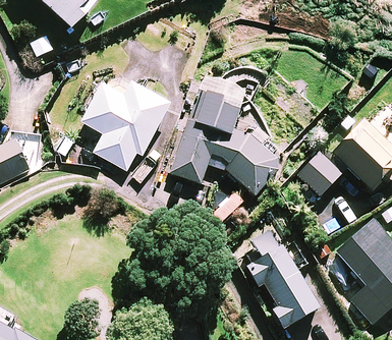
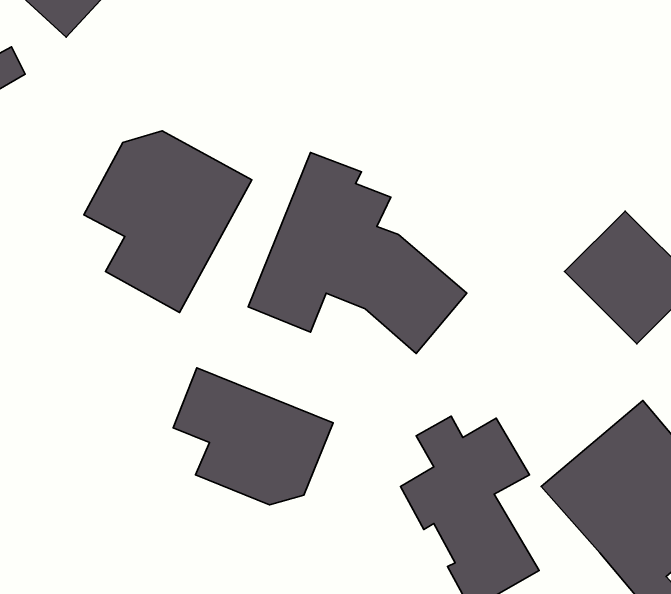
building: [297,151,342,194] -> none
building: none -> [173,368,333,505]

